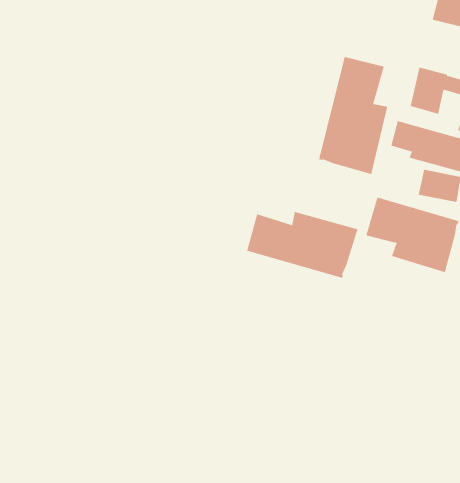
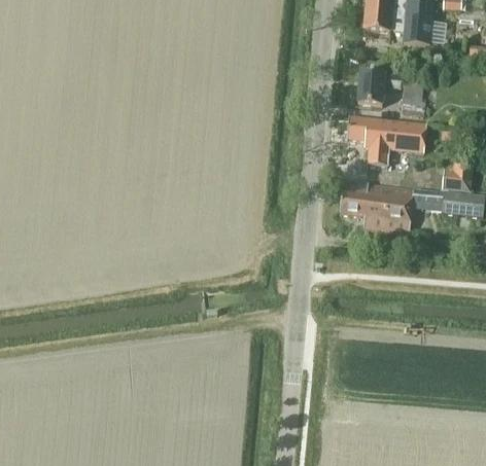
building: [318,56,388,175] -> none
building: [246,211,358,279] -> none

